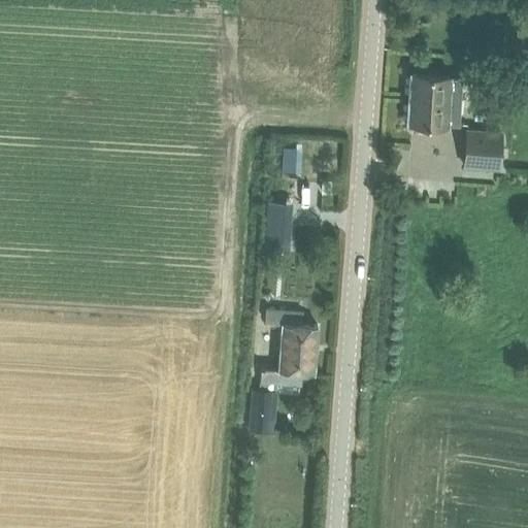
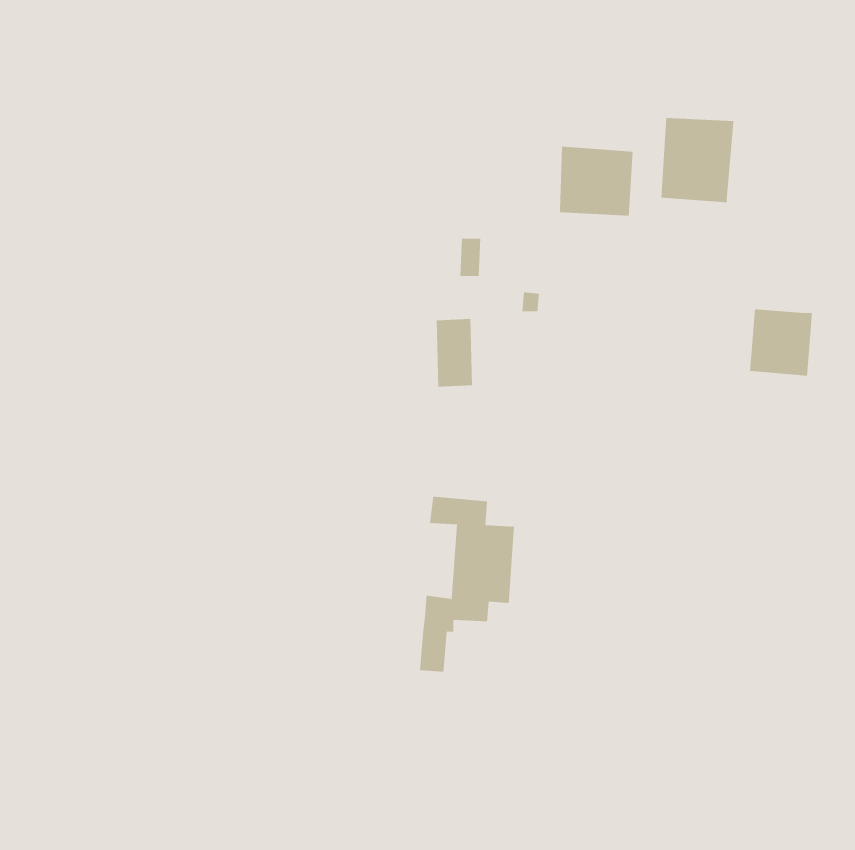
building: none -> [559,146,633,216]
building: [464,133,503,174] -> [749,309,813,376]

